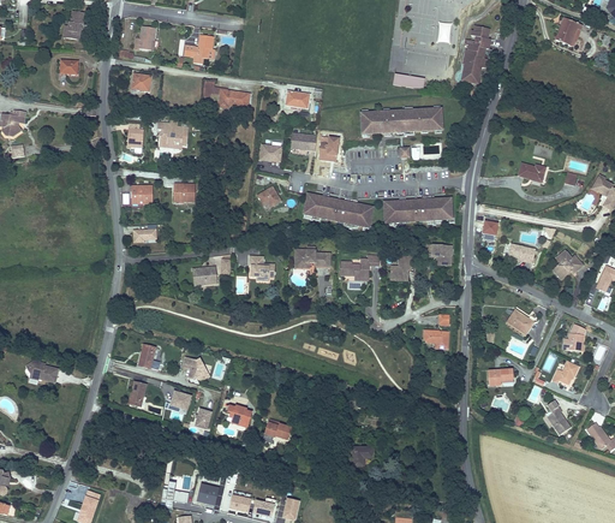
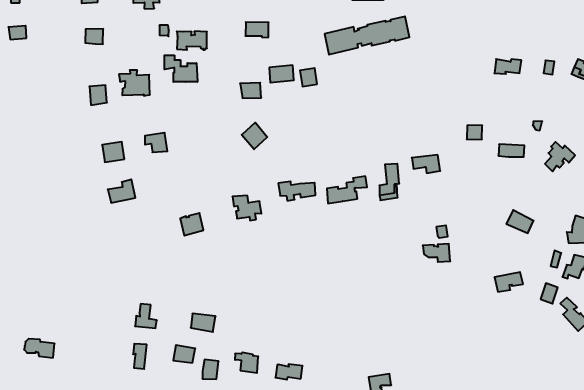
building: none -> [164,55,197,82]
building: [304,195,372,227] -> none
building: [384,198,452,222] -> none

